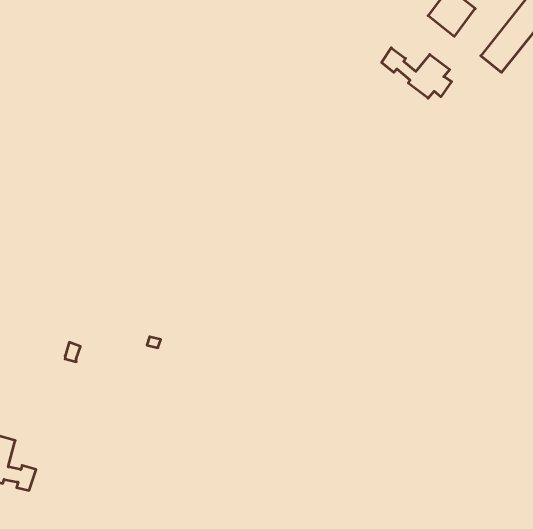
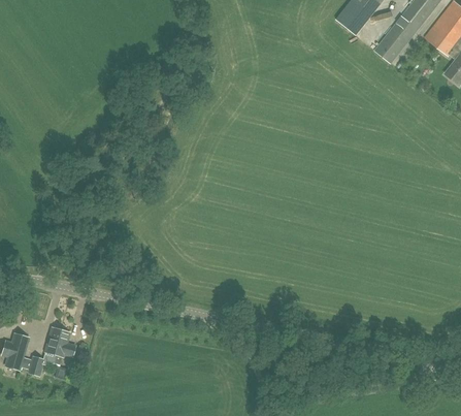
building: [382,48,452,98] -> none
building: none -> [45,326,75,355]

